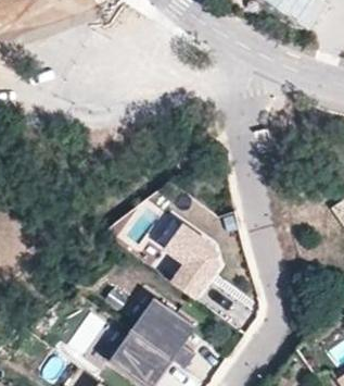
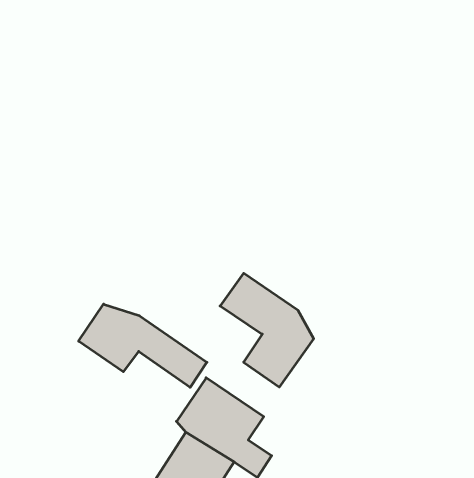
building: none -> [79,304,207,387]

